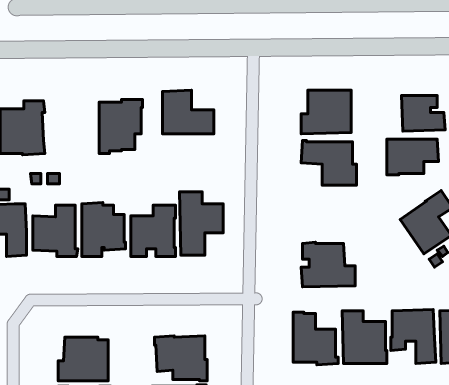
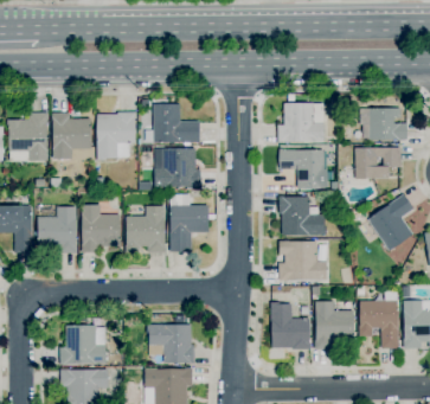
building: none -> [52,113,95,160]
building: none -> [154,148,200,187]
building: none -> [278,195,327,235]

